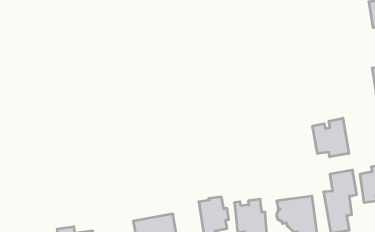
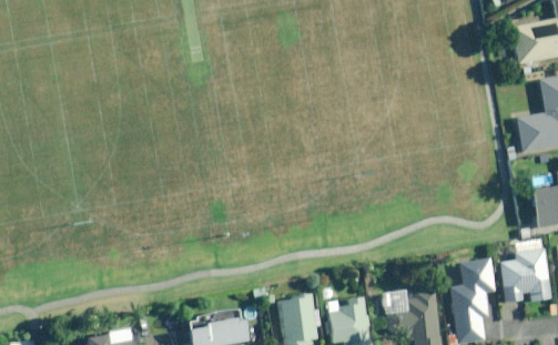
building: [313,118,349,157] -> none

